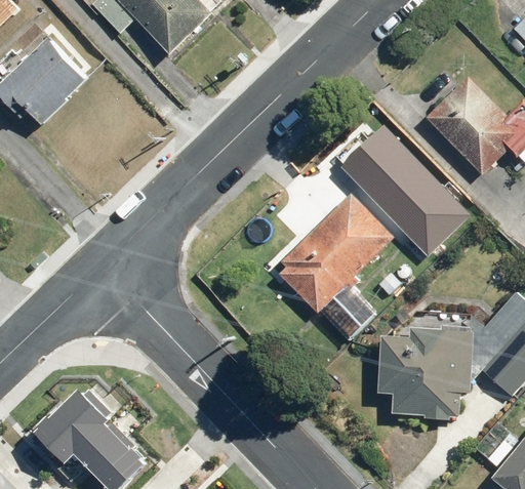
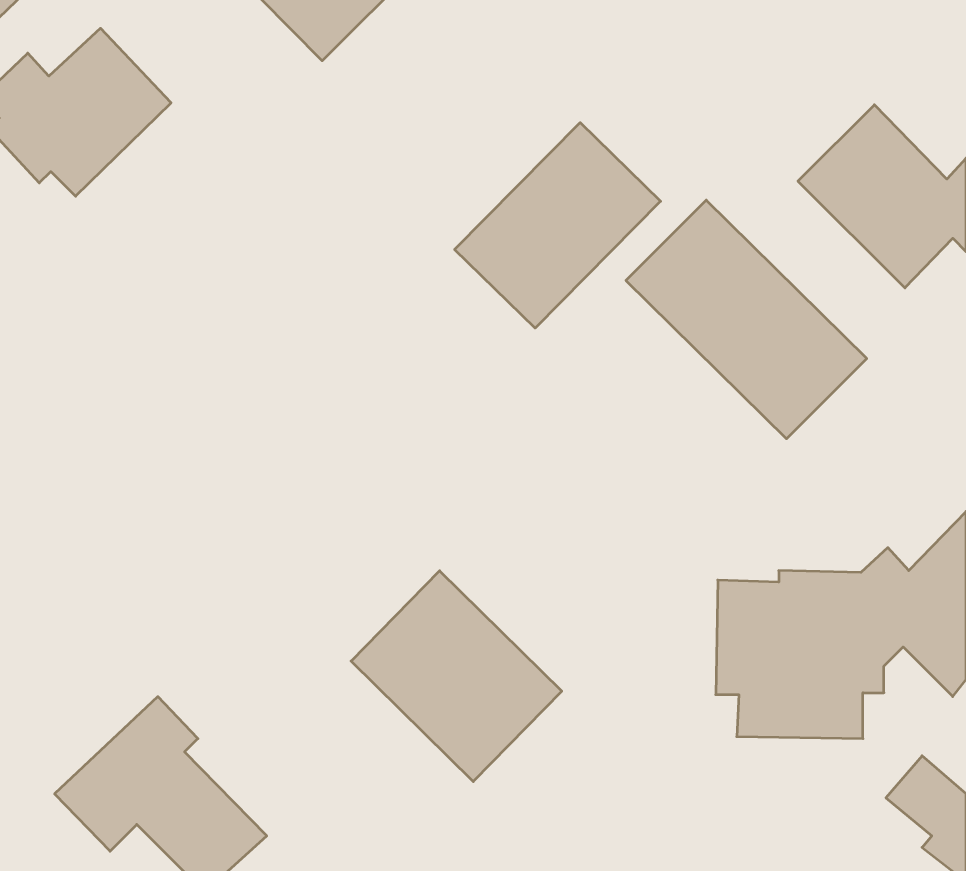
building: none -> [455,123,661,328]
building: [269,192,391,341] -> none
building: none -> [351,571,562,782]

